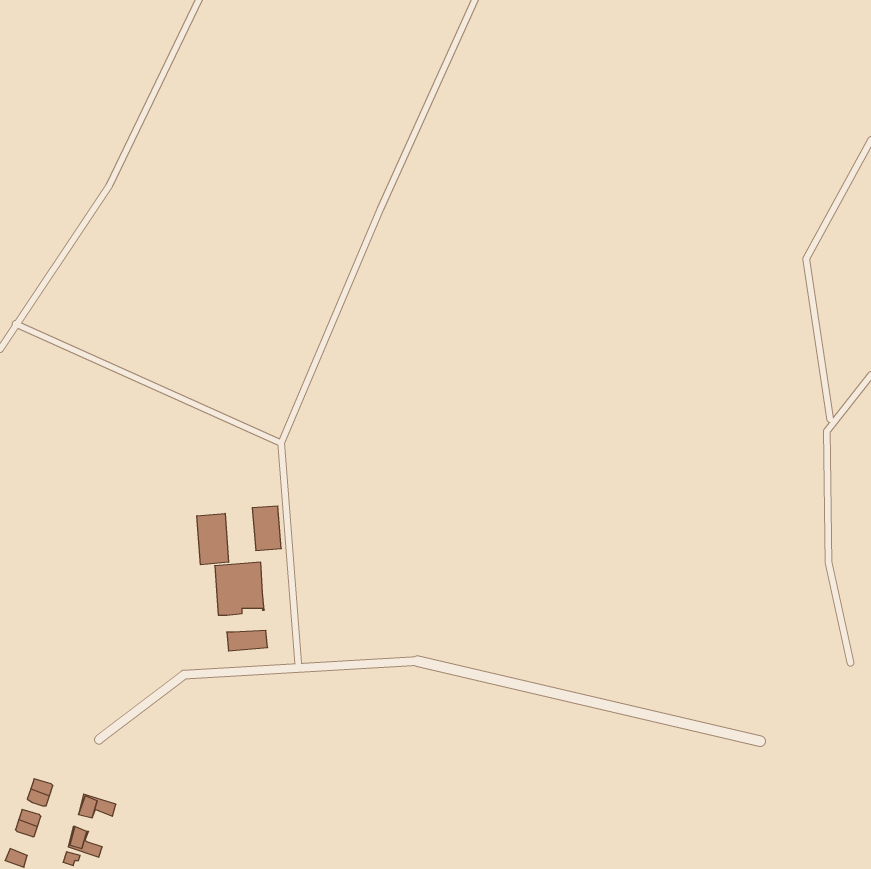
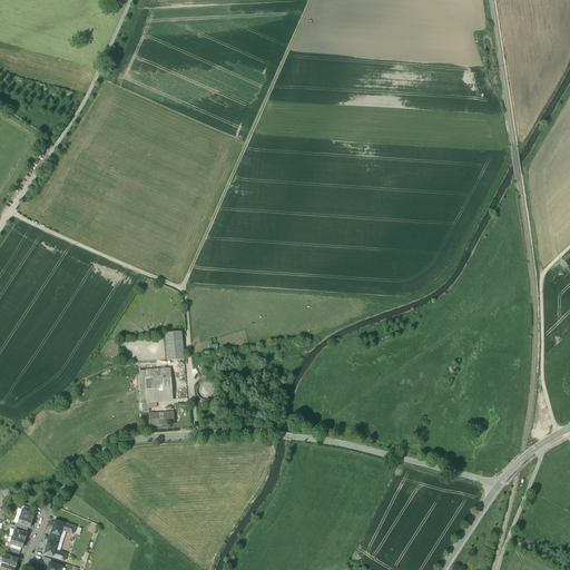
building: [197,513,229,565] -> none

